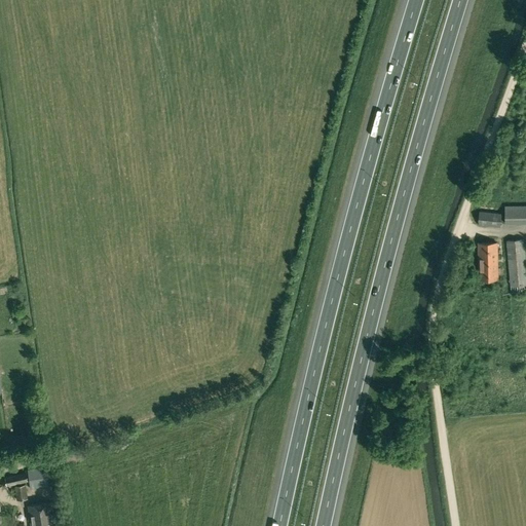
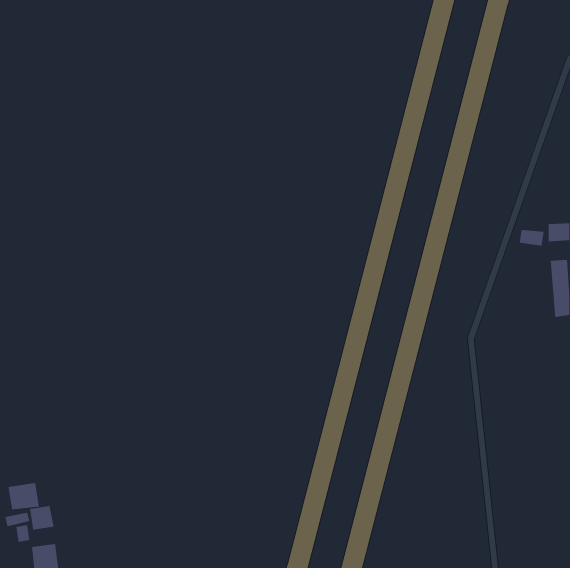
building: [479,243,499,280] -> none
building: none -> [8,482,40,510]

